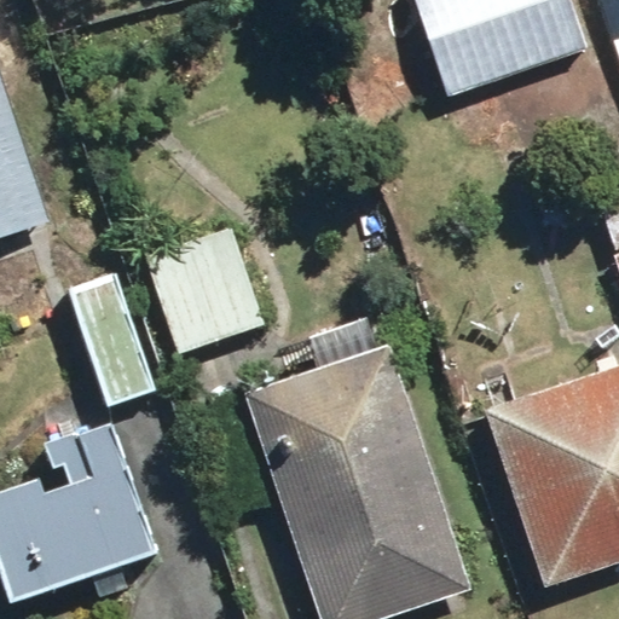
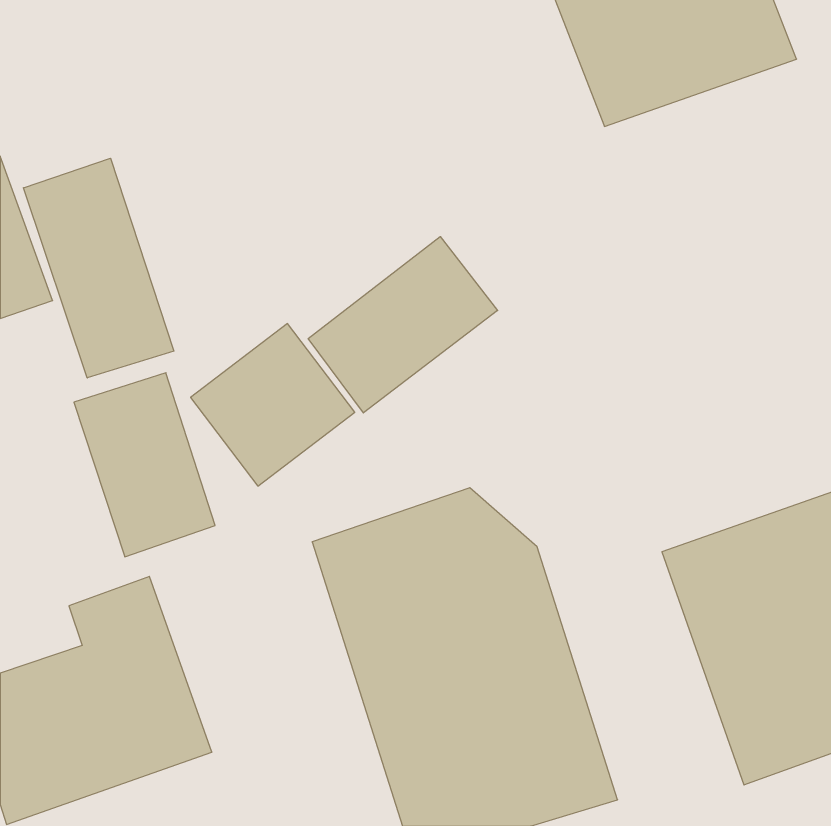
building: none -> [23,158,174,378]
building: none -> [308,237,498,413]

